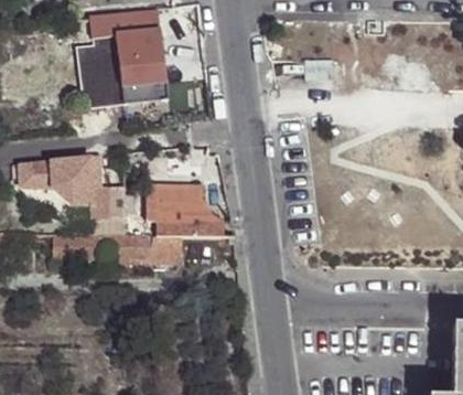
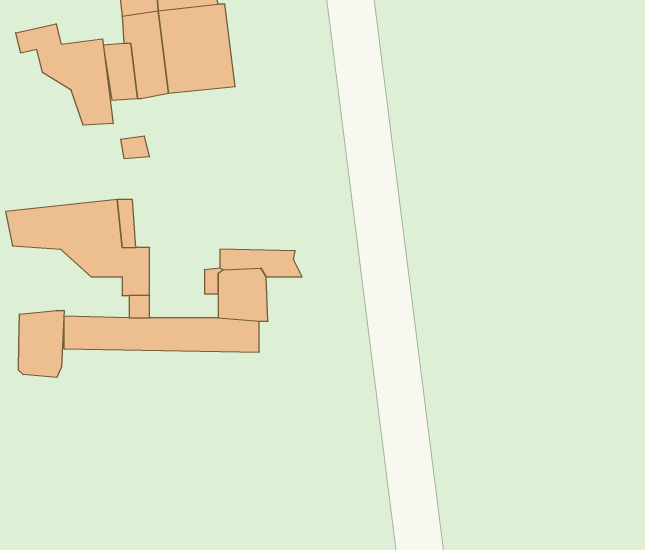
building: none -> [16,24,113,125]
building: [184,207,234,237] -> none
building: none -> [19,310,64,377]

